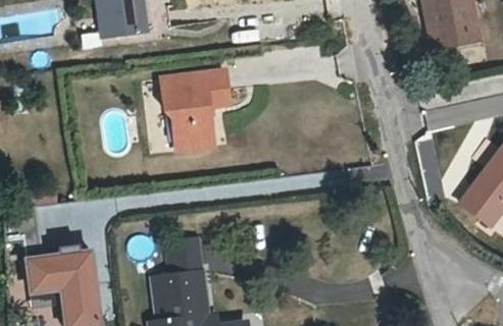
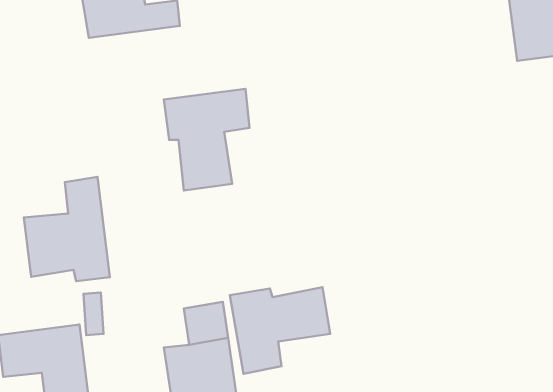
building: none -> [24,177,110,281]
building: none -> [230,287,330,374]

